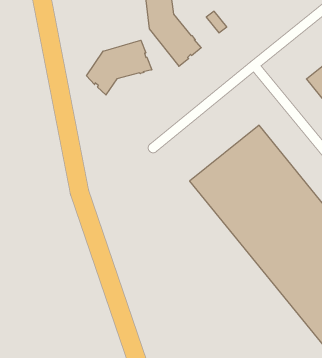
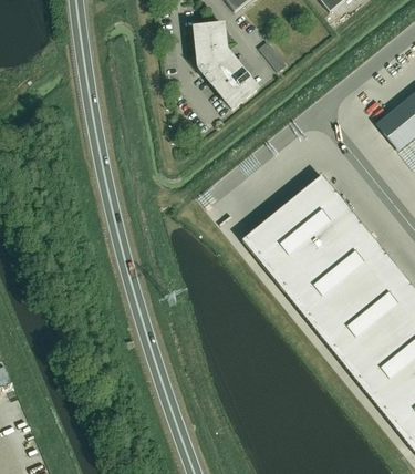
building: [87,40,152,95] -> none

